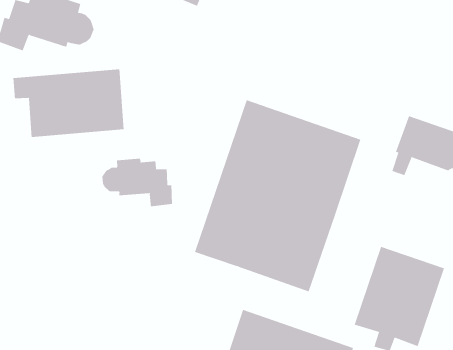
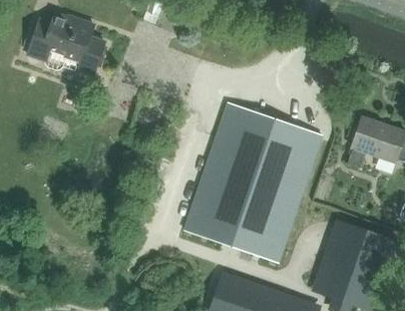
building: [13,68,124,138] -> none
building: [102,158,172,207] -> none

